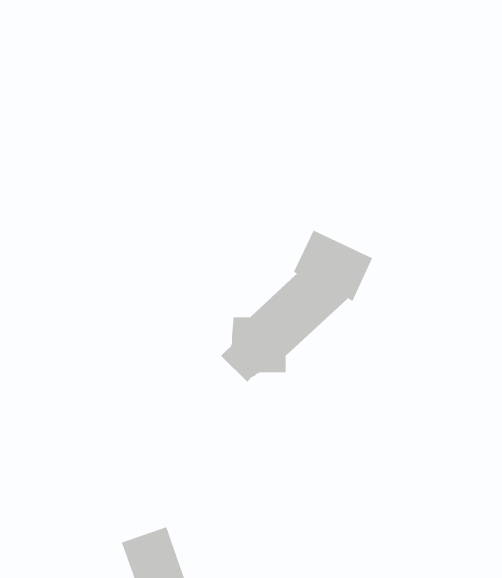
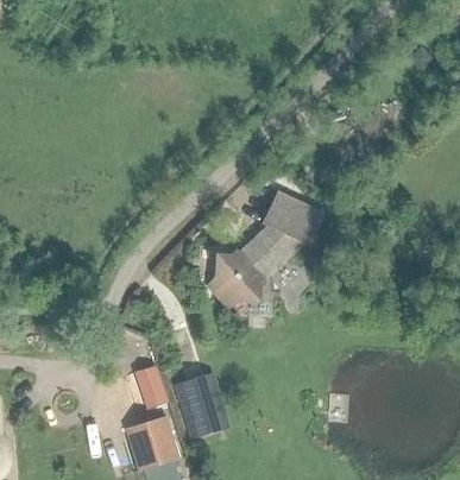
building: none -> [133,364,166,408]
building: none -> [172,372,228,438]

